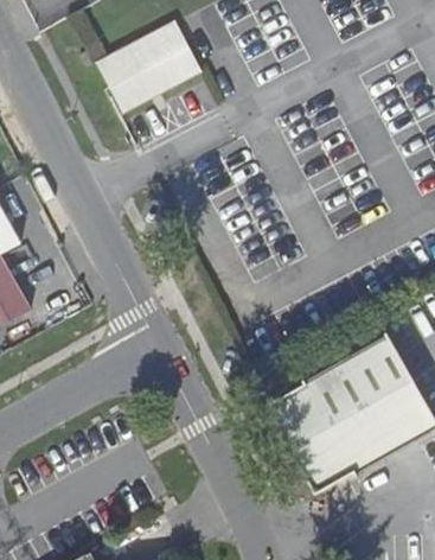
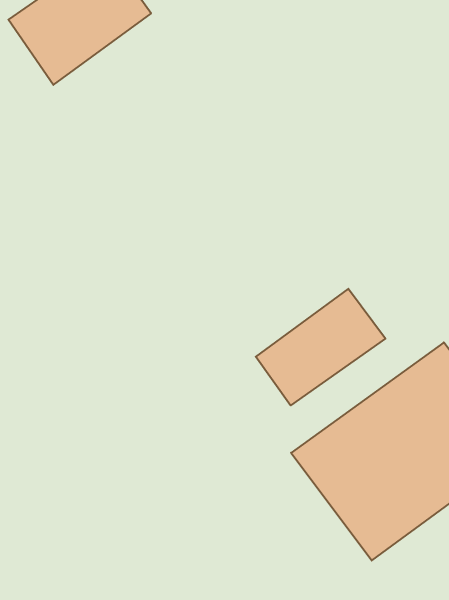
building: none -> [256,289,385,405]

